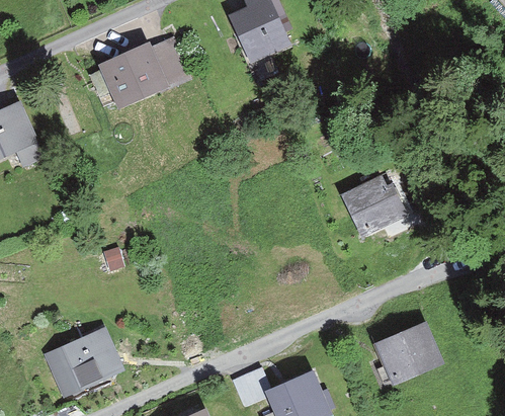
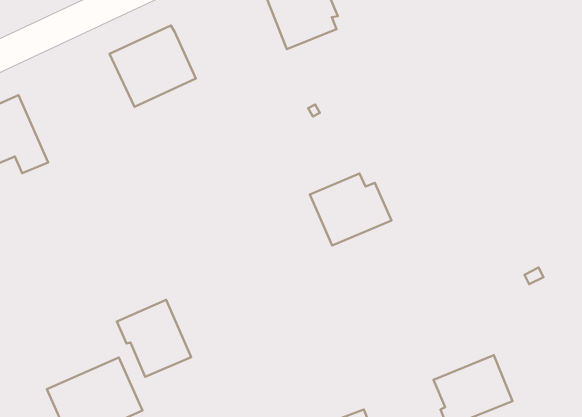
building: [153,37,192,87] -> none
building: [340,176,410,238] -> [310,173,391,245]
building: none -> [117,300,191,377]

